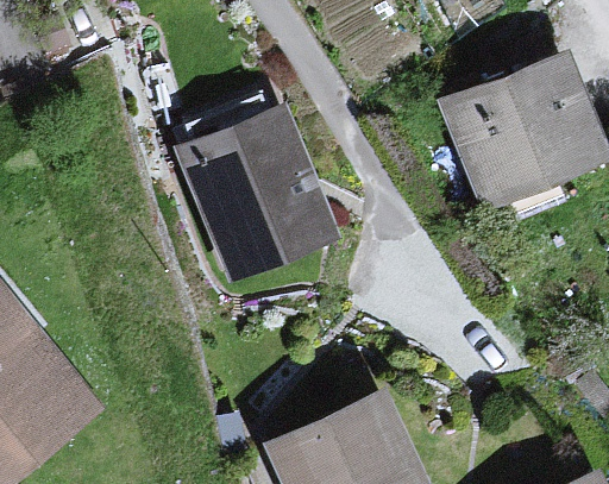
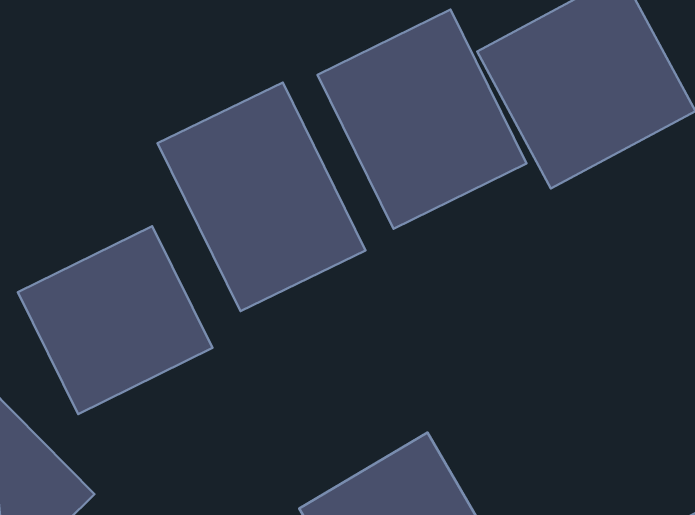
building: none -> [318,9,527,229]
building: none -> [18,226,212,414]

